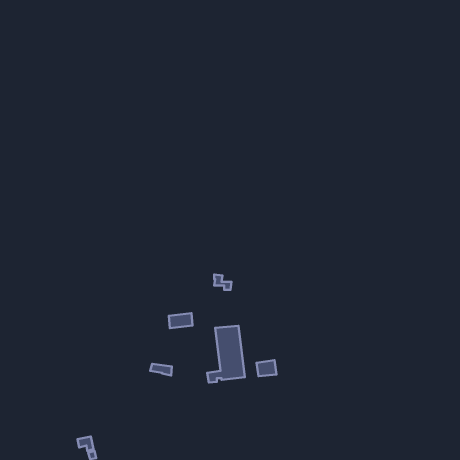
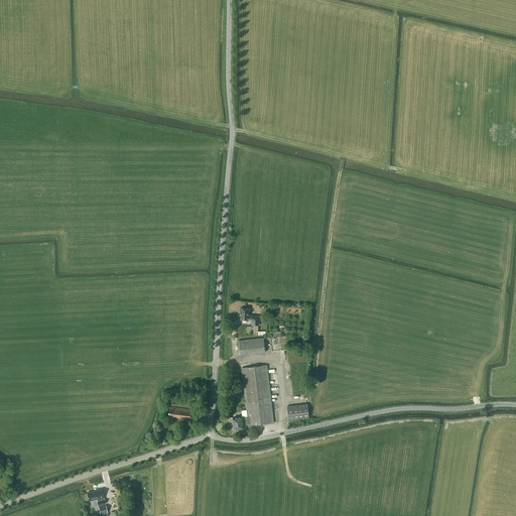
building: [169,313,192,328] -> [239,338,265,355]

